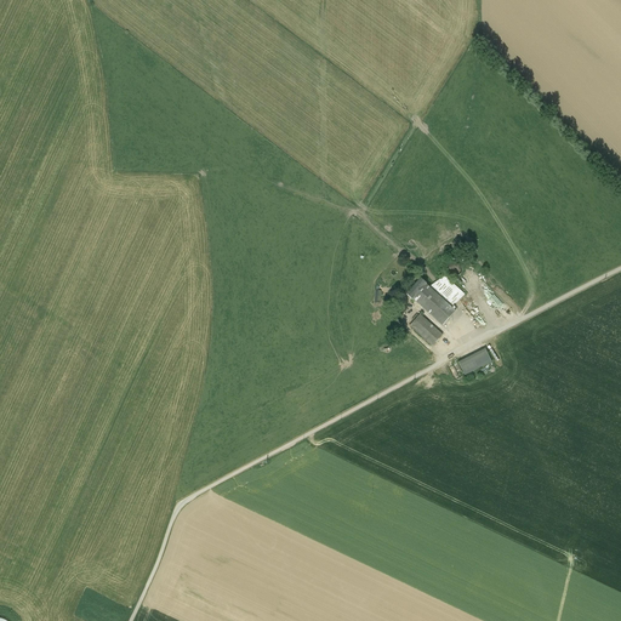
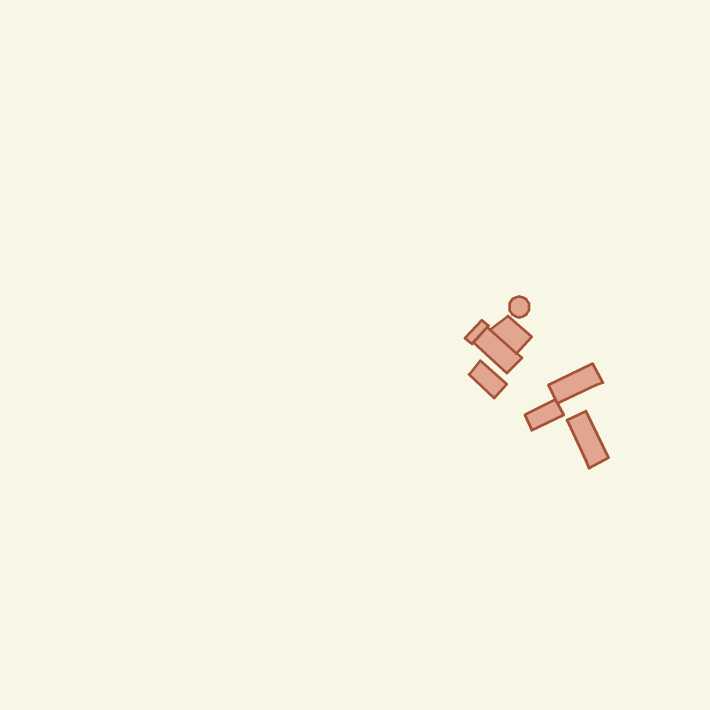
building: none -> [549,364,603,403]
building: none -> [567,411,608,468]

